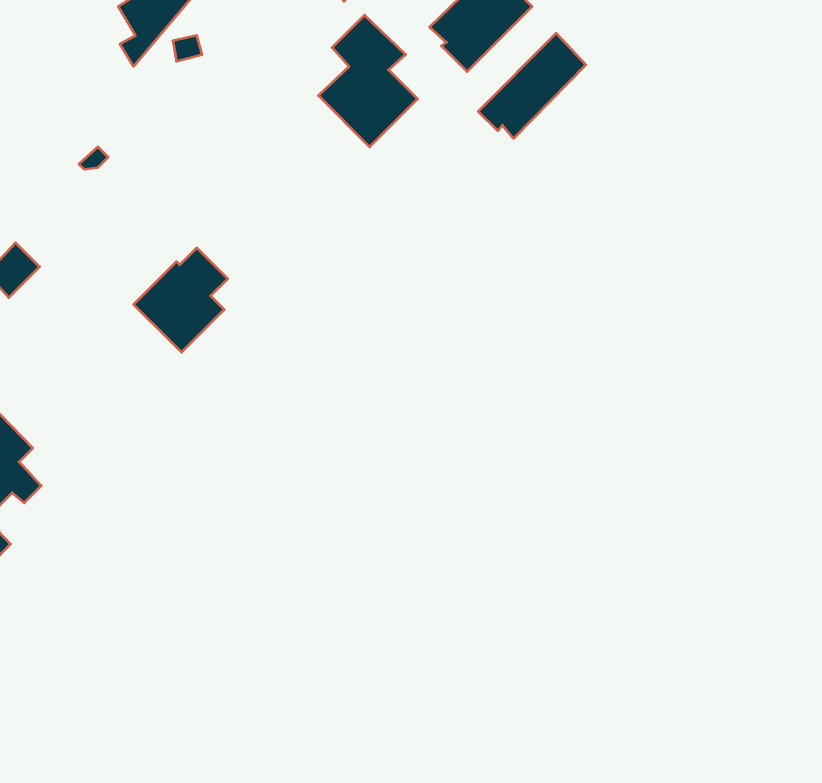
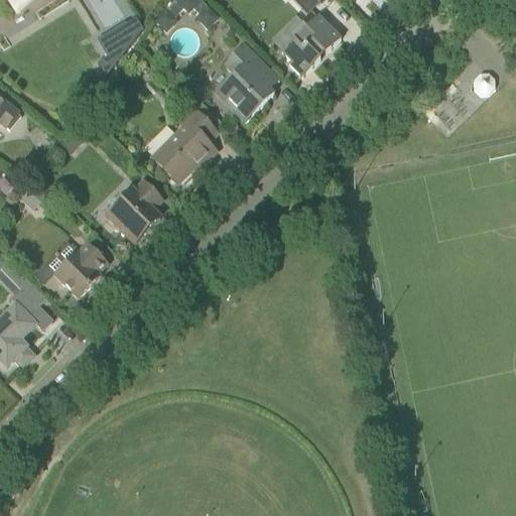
building: [478,33,586,138] -> none
building: none -> [152,107,217,181]
building: none -> [53,241,108,297]

